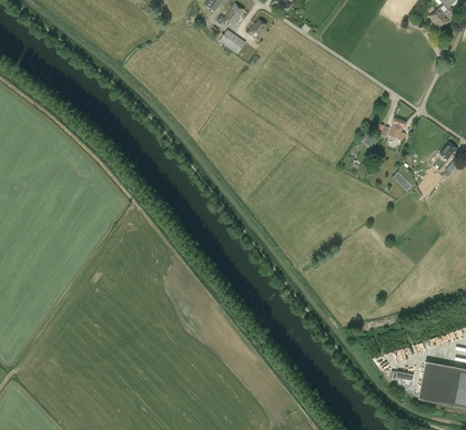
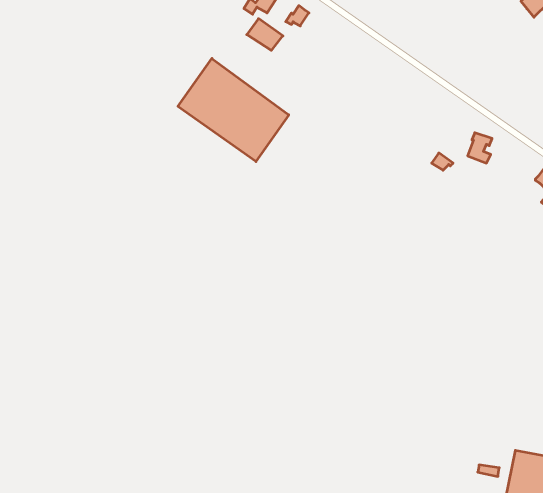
building: none -> [178,58,289,162]

